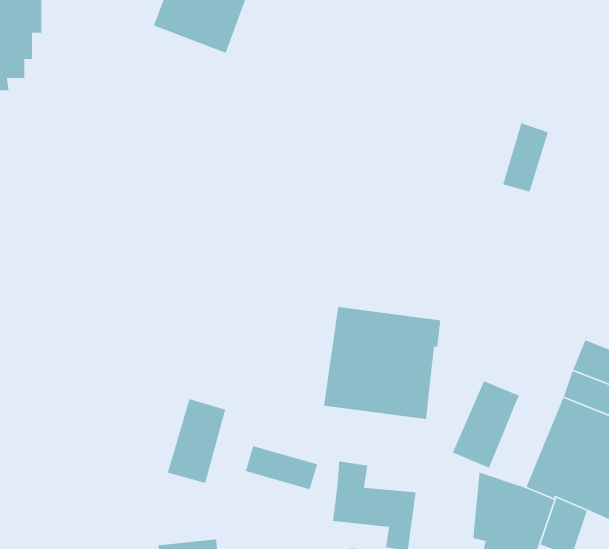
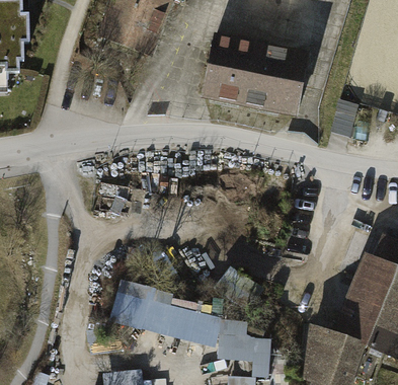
building: none -> [203,36,308,112]
building: [323,306,441,420] -> none
building: [452,380,520,469] -> none

